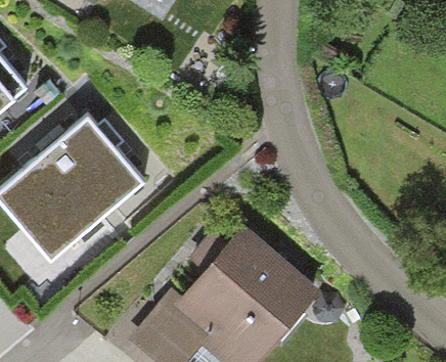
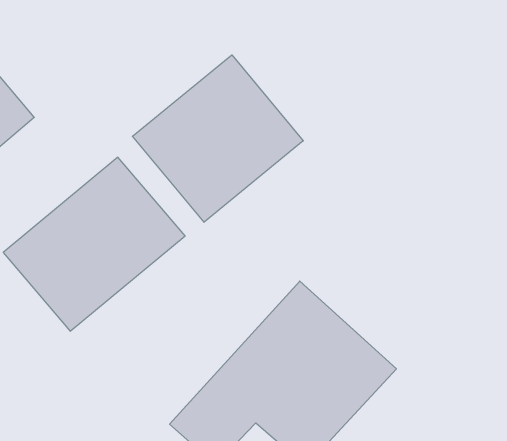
building: none -> [132,55,303,222]

